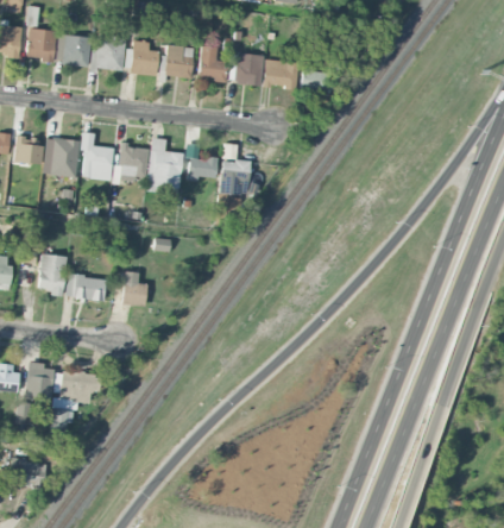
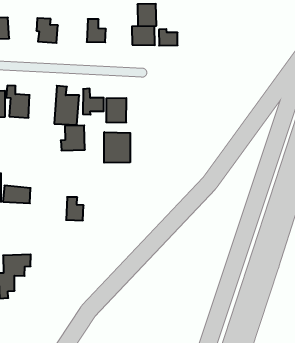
building: [90,36,125,70] -> none
building: [164,44,194,78] -> none
building: [235,54,263,86] -> [137,4,156,26]
building: [113,145,147,181] -> [61,125,85,150]
building: none -> [104,132,130,163]
building: [121,271,147,306] -> [66,197,84,220]

